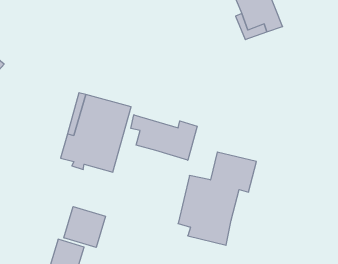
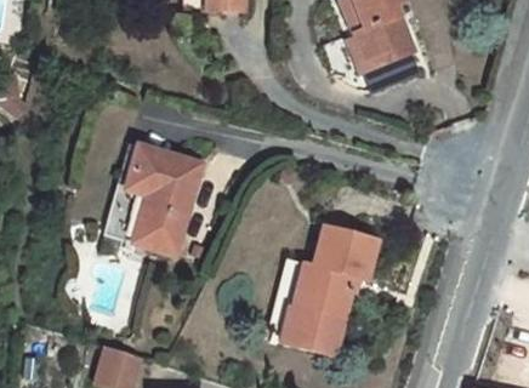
building: [131,115,197,160] -> none
building: [64,207,105,247] -> none

